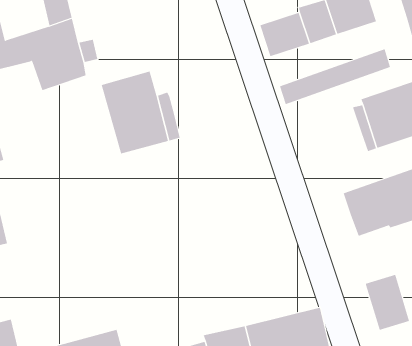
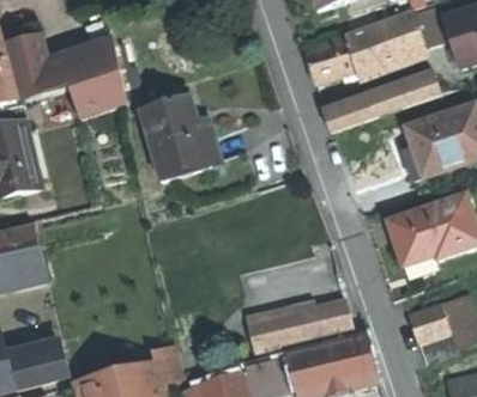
building: none -> [247,298,349,349]

